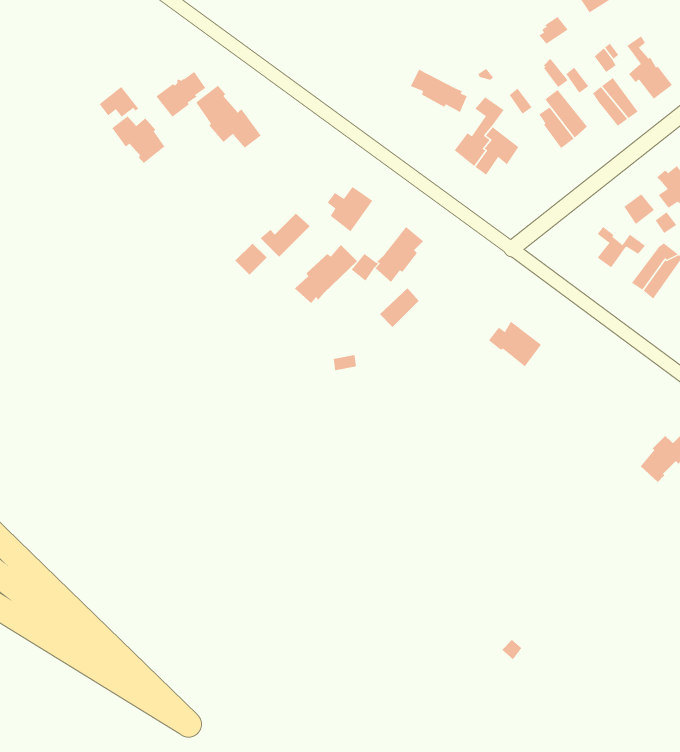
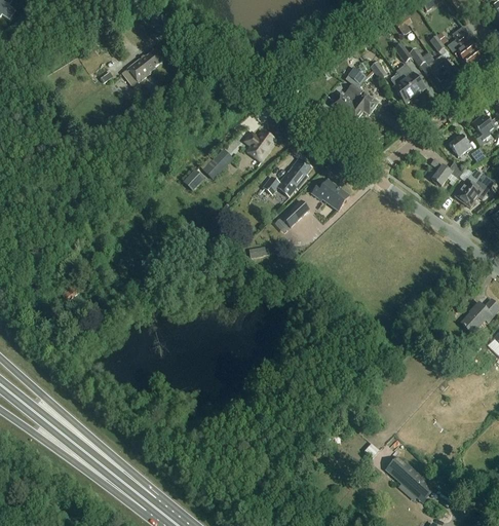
building: [410,69,468,113] -> none
building: [195,85,261,149] -> none
building: [112,116,165,164] -> none
building: [294,244,358,304] -> none
building: [488,321,542,367] -> [312,178,349,210]
building: none -> [391,462,427,496]

